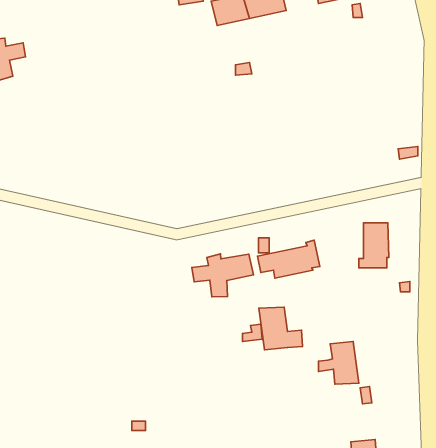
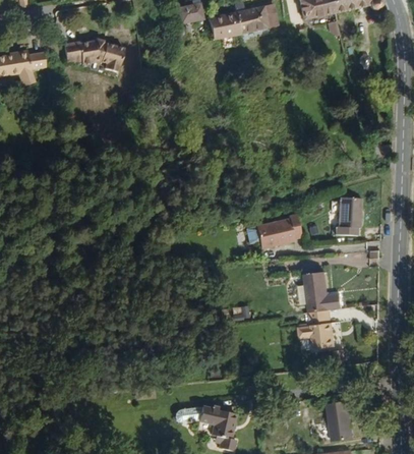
building: none -> [59,35,120,69]
building: [192,254,253,297] -> none
building: [259,307,303,350] -> [305,279,344,317]

